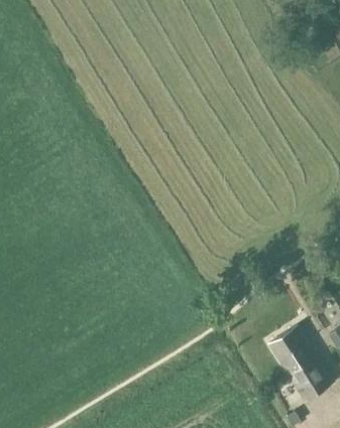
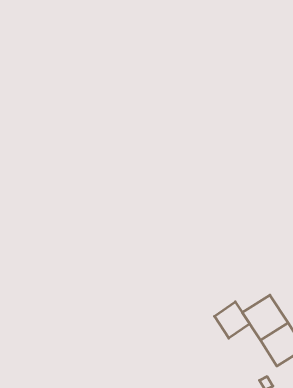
building: none -> [214,302,250,338]

